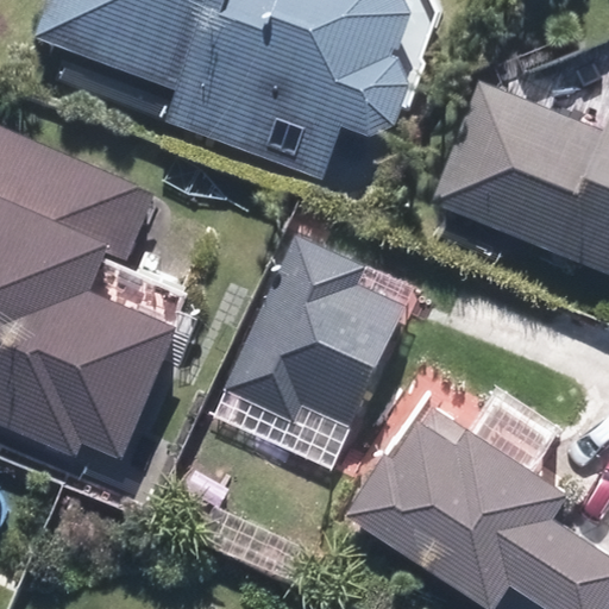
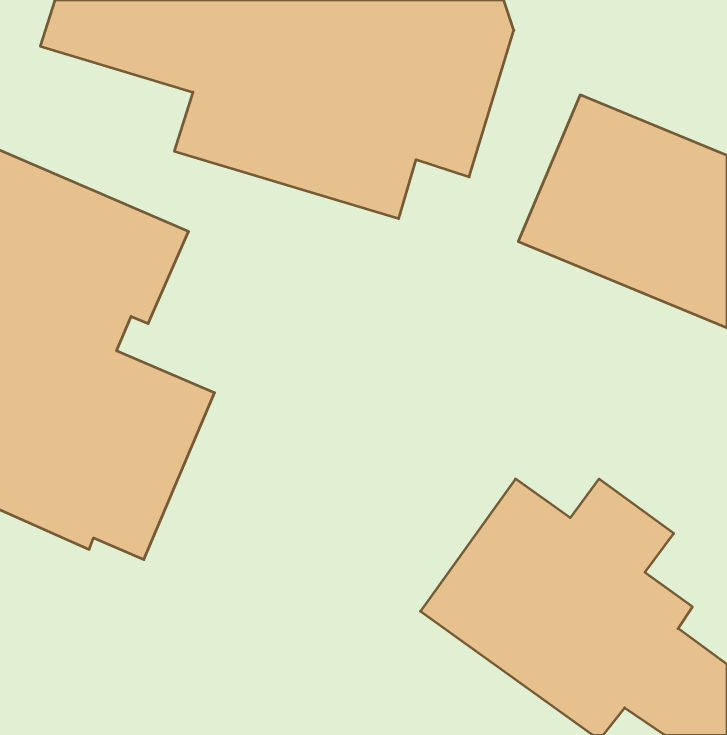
building: [226,222,413,431] -> none

